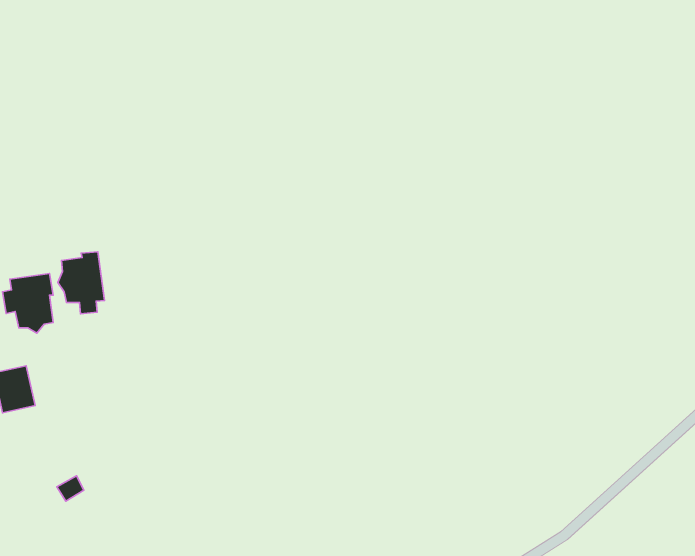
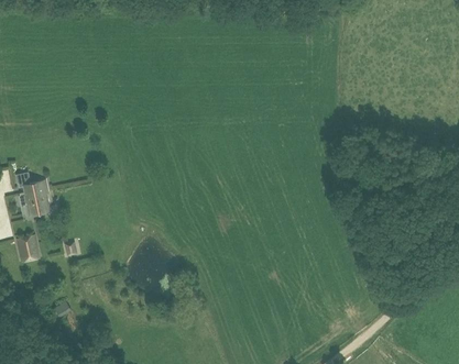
building: [58,252,105,314] -> none

